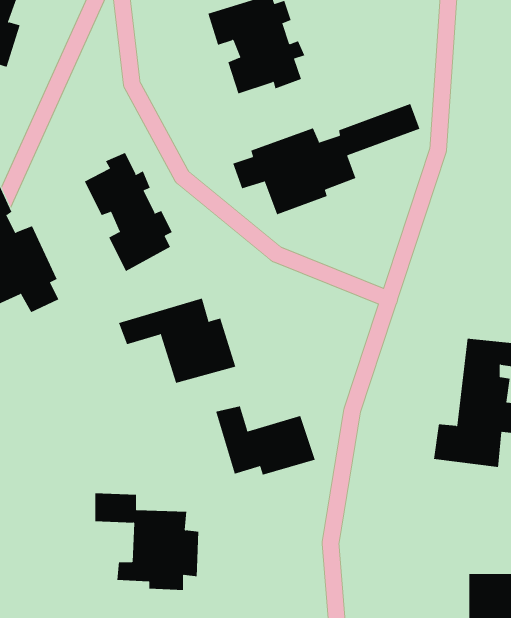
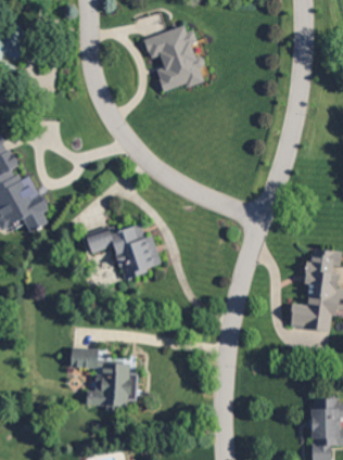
building: [232,103,420,215] -> none
building: [84,152,172,272] -> none
building: [215,405,316,476] -> none

